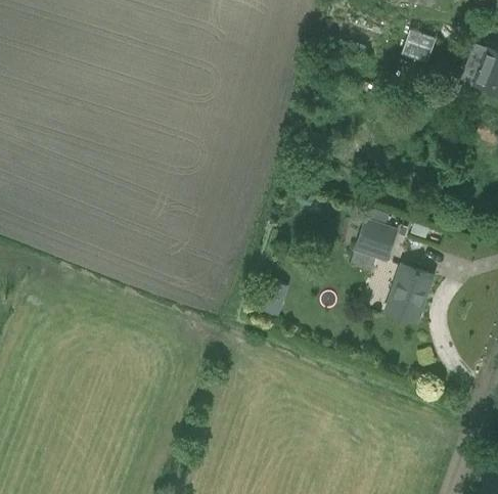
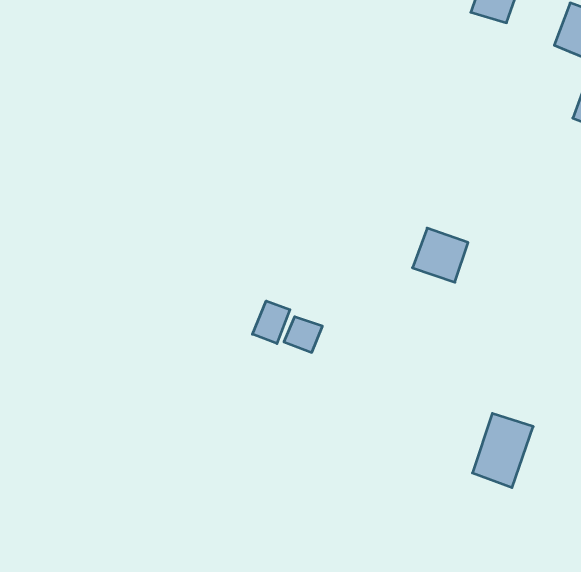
building: [387,266,434,323] -> [472,413,533,488]
building: none -> [252,301,290,344]

